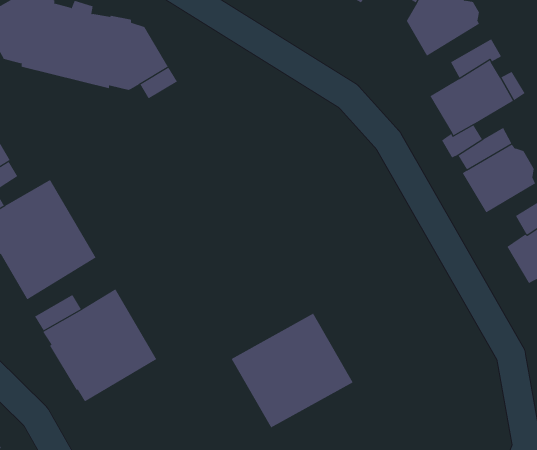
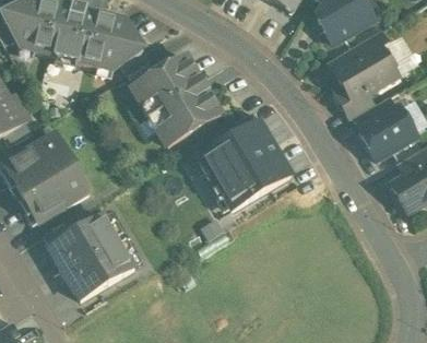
building: none -> [132,55,221,145]
building: [231,313,354,428] -> [200,121,290,206]

